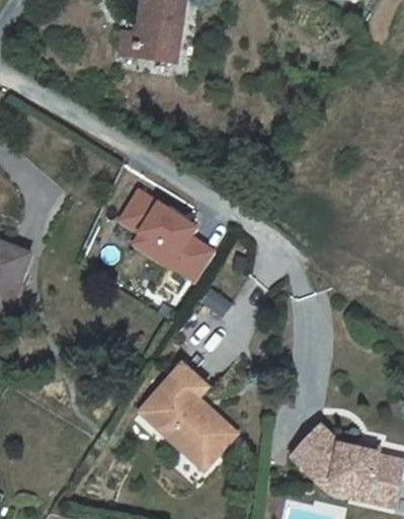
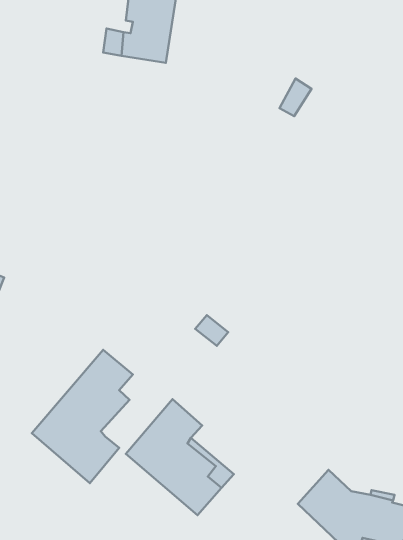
building: [114,190,222,283] -> none
building: none -> [32,350,133,483]

